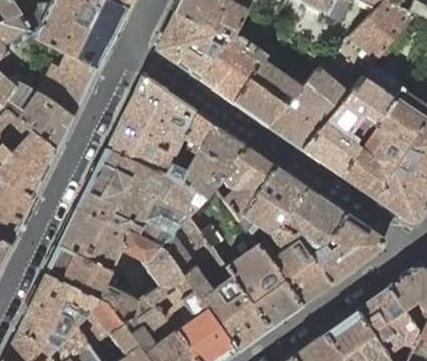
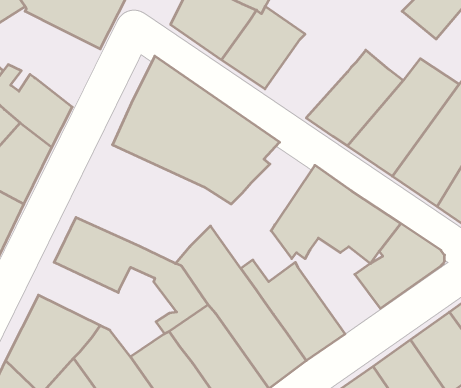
building: [42,52,96,118] -> none
building: [233,61,301,127] -> none
building: [222,147,274,220] -> none
building: [76,149,205,247] -> none
building: [260,226,329,306] -> none
building: [45,246,150,325] -> none

